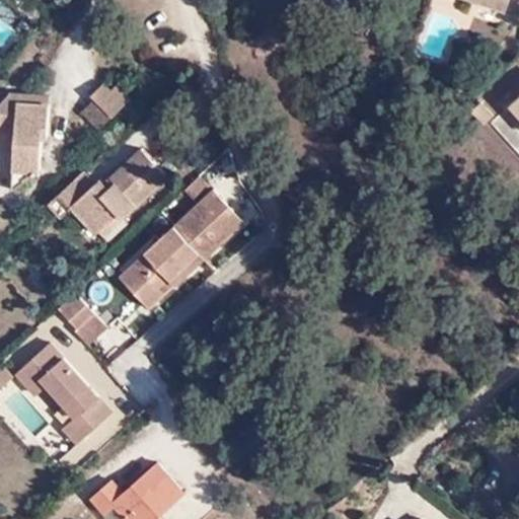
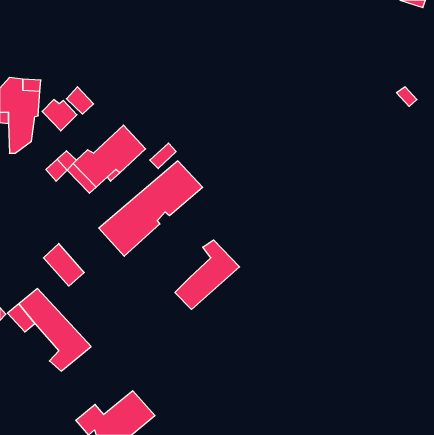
building: [89,86,131,124] -> [42,100,77,131]
building: none -> [175,240,240,309]

